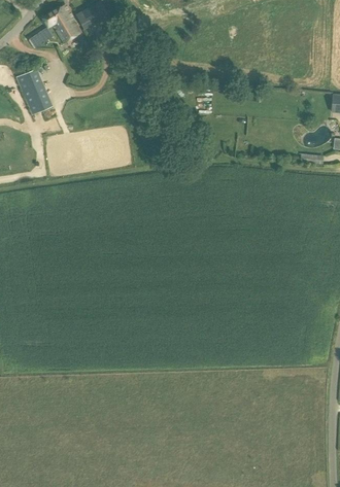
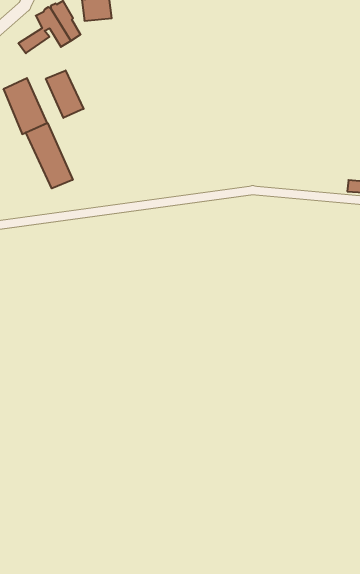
building: none -> [46,70,84,118]
building: none -> [26,123,73,188]

